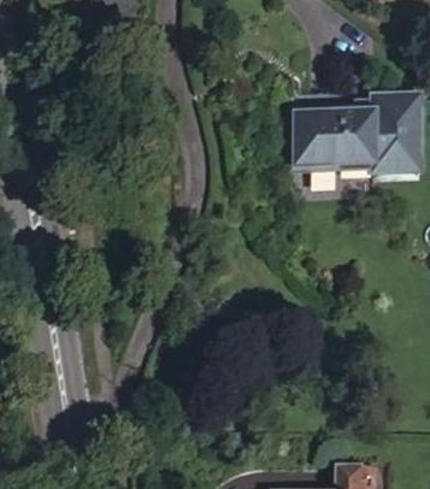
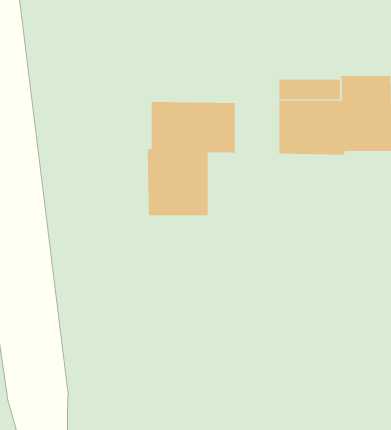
building: none -> [147,101,235,216]

